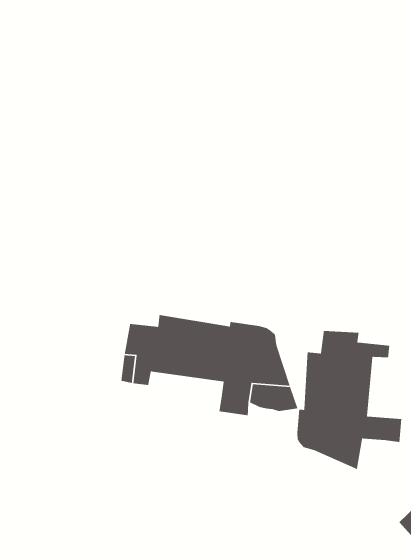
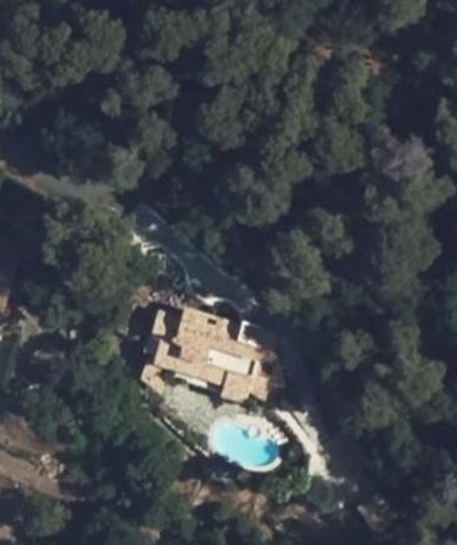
building: [296,330,402,470] -> none

